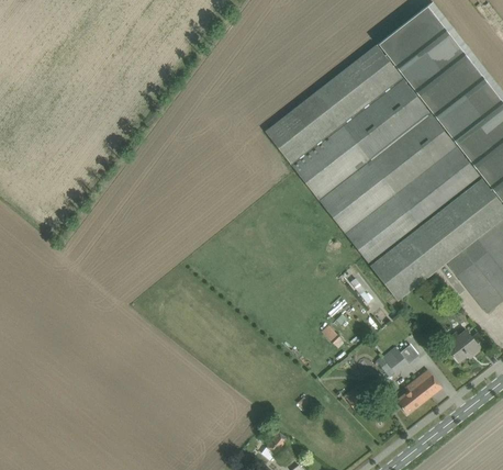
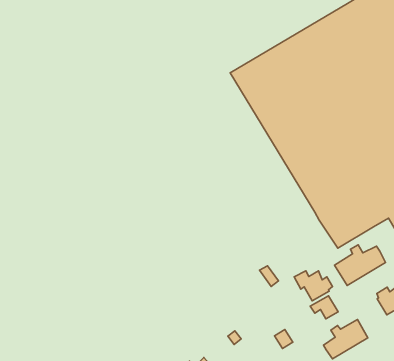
building: none -> [334,245,386,285]
building: none -> [294,271,332,301]

